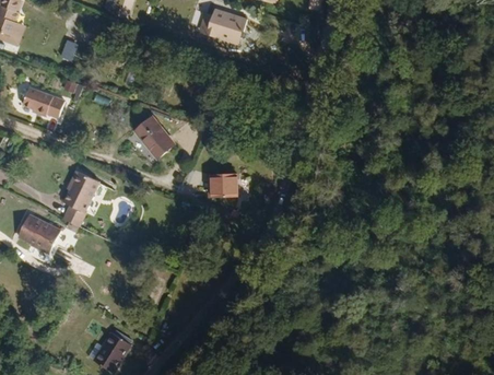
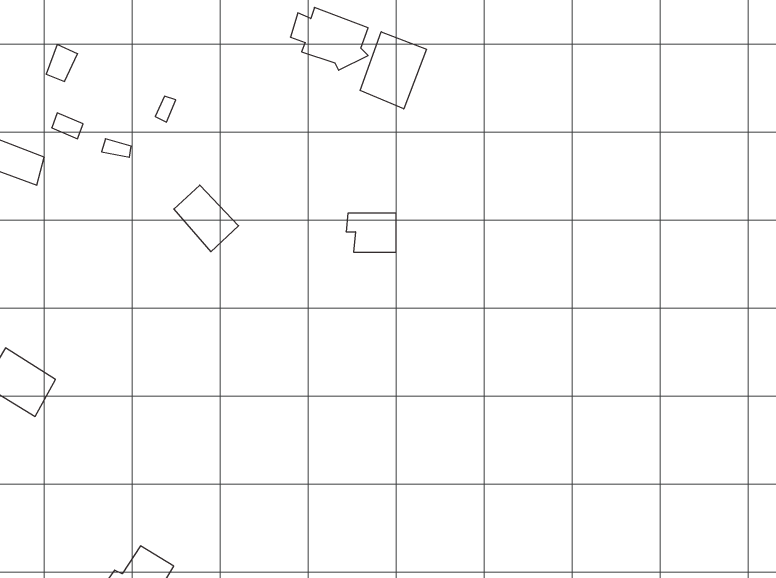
building: none -> [360,32,426,109]
building: [60,169,93,224] -> none
building: [204,172,234,195] -> [346,213,396,252]

